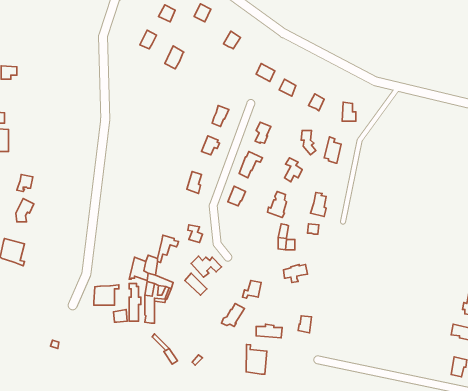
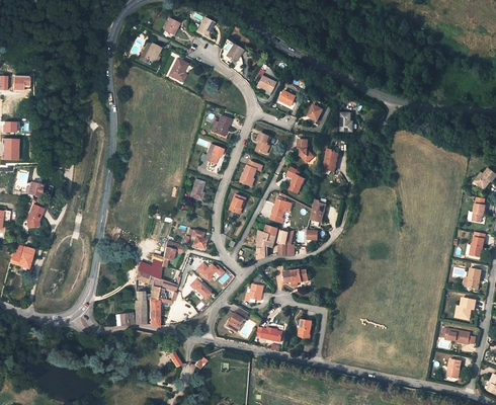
building: none -> [258,225,278,259]
building: [94,285,119,305] -> none
building: [246,344,267,374] -> none

